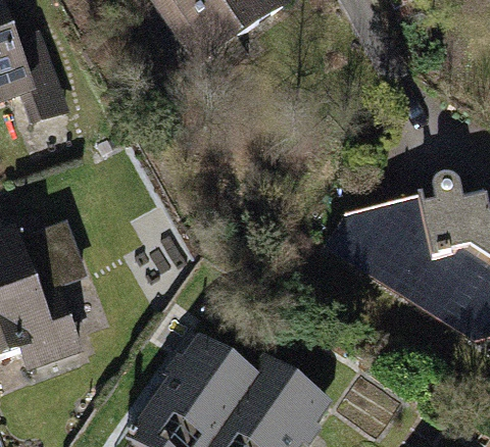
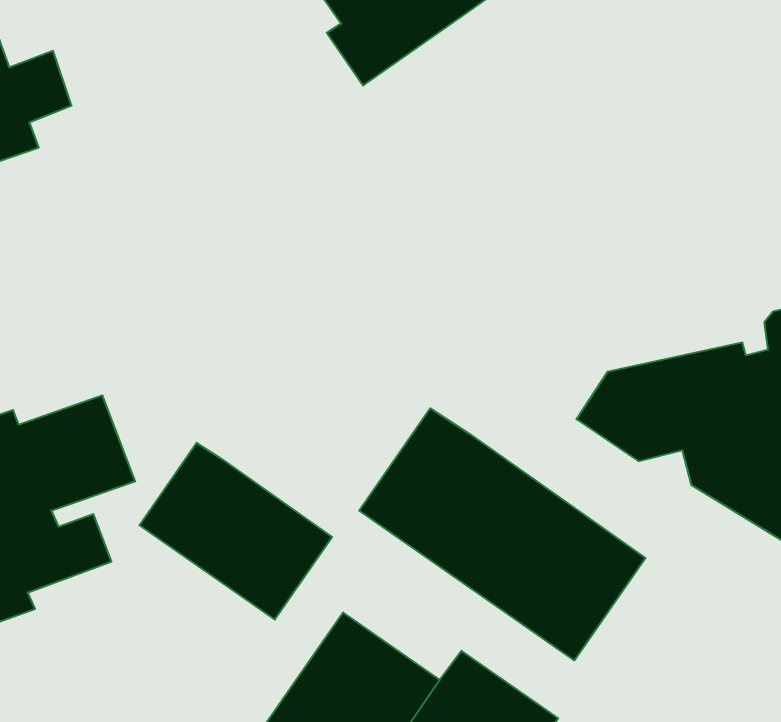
building: none -> [359,408,646,660]
building: none -> [139,443,332,620]

